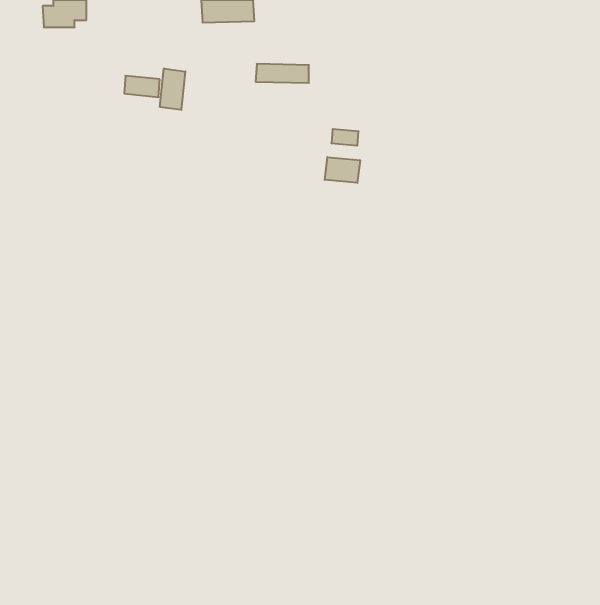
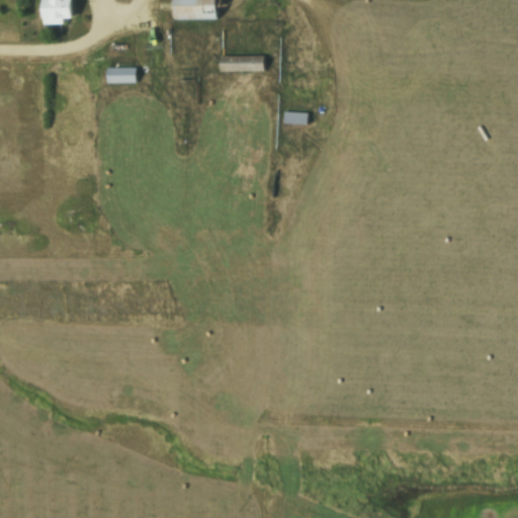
building: [160,68,185,110] -> none
building: [325,157,360,183] -> none

